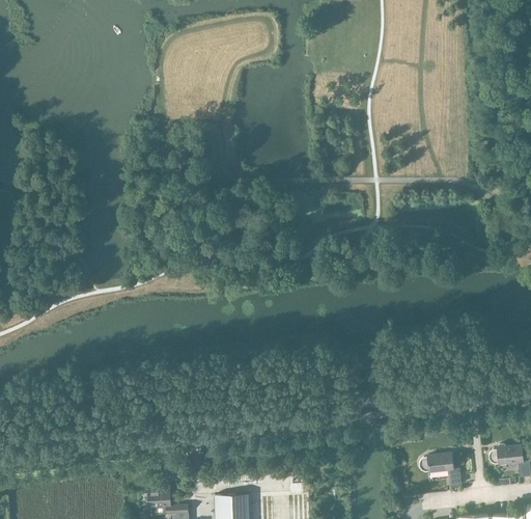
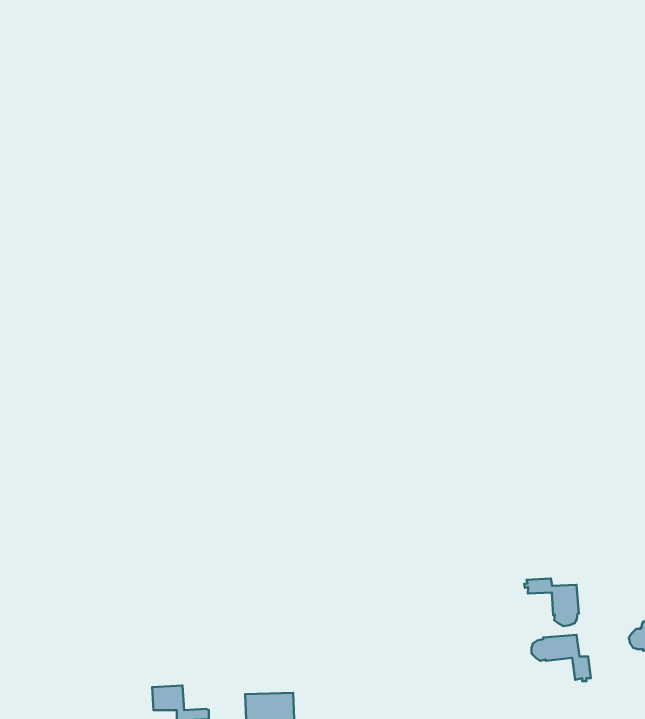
building: none -> [524,579,579,626]

